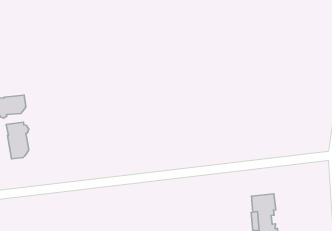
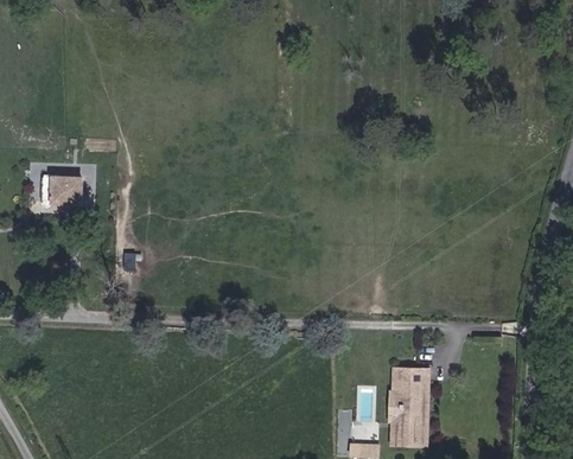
building: [6,122,29,159] -> none

